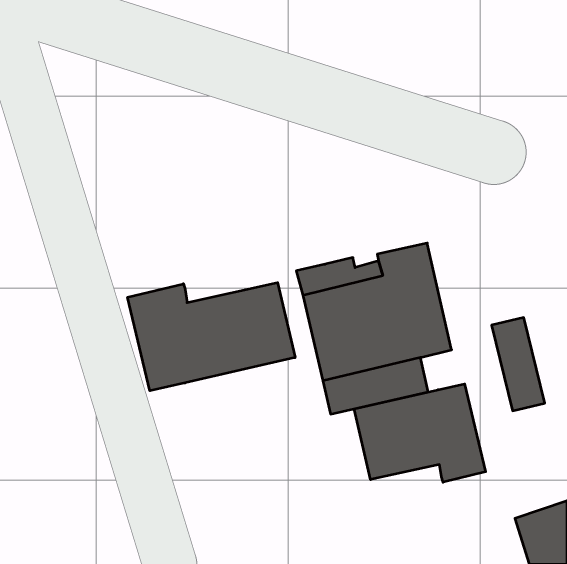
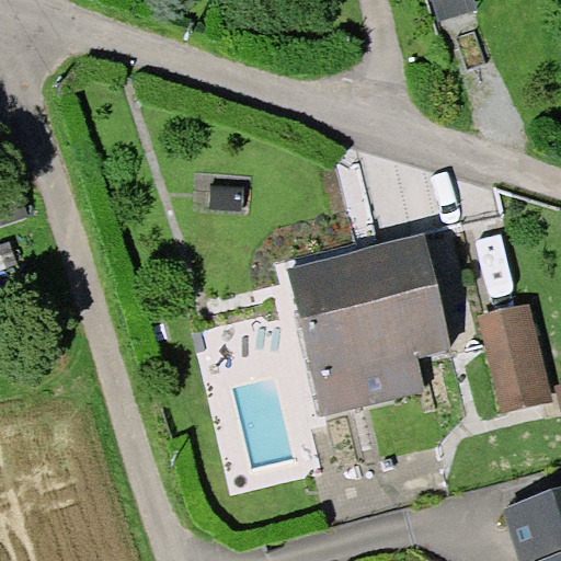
building: [128,283,295,391] -> none
building: [354,384,486,482] -> none

